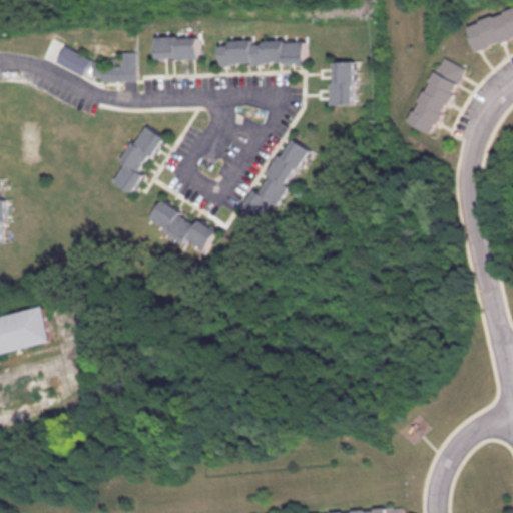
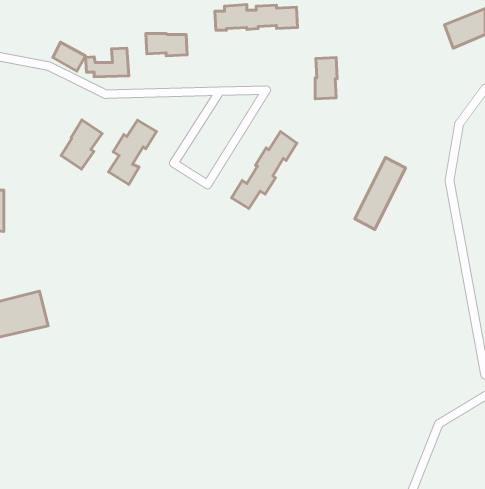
building: [216,39,303,66] -> [215,4,298,30]
building: [408,58,461,133] -> [355,157,406,229]
building: none -> [61,120,102,169]
building: [150,200,215,249] -> none

